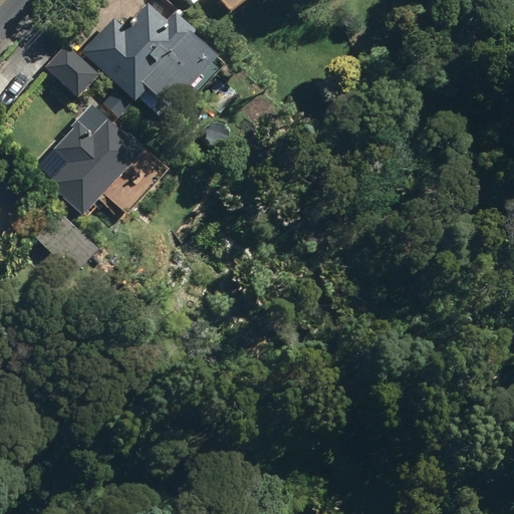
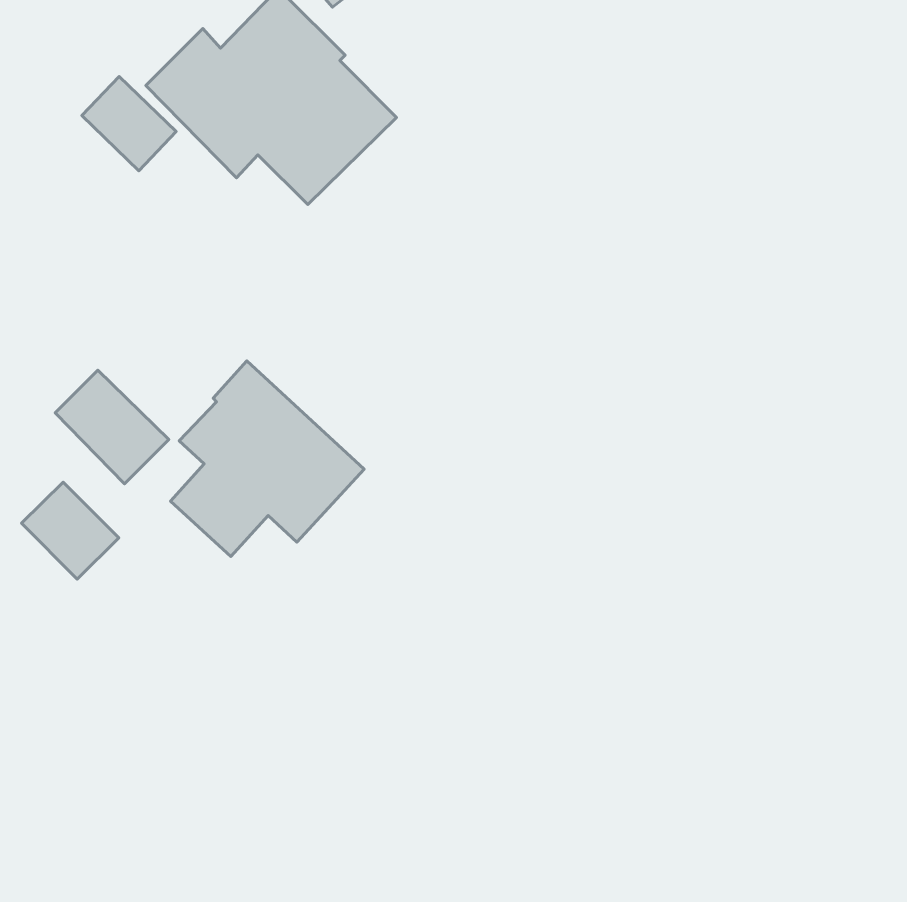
building: [47,103,157,214] -> [170,361,364,556]
building: none -> [21,482,119,579]

